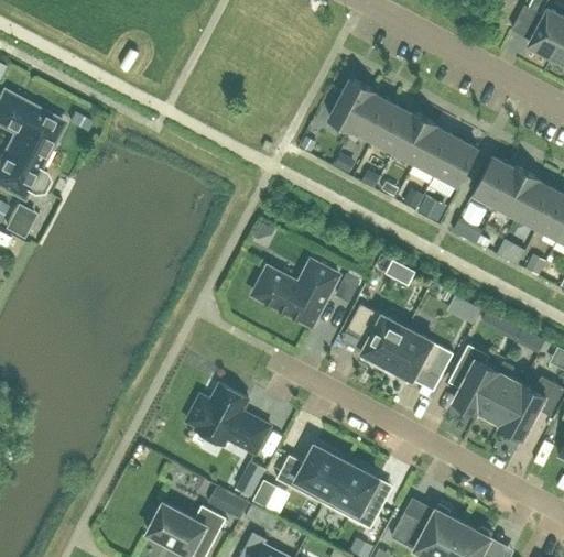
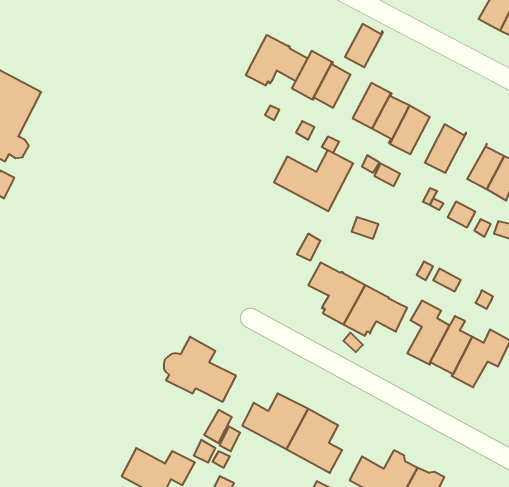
building: none -> [246,35,308,86]
building: [373,105,414,151] -> [345,24,383,67]
building: [494,167,538,216] -> none
building: [253,261,338,326] -> [274,150,353,211]

